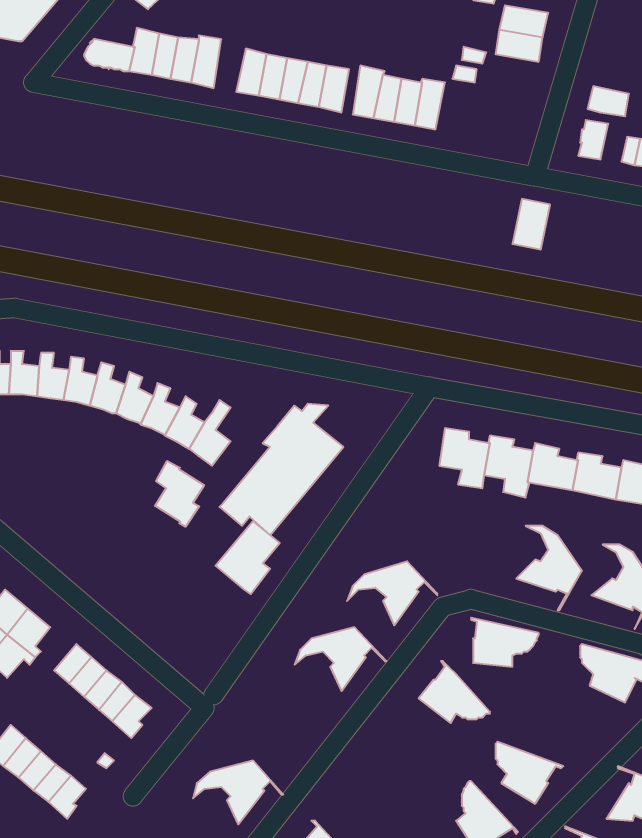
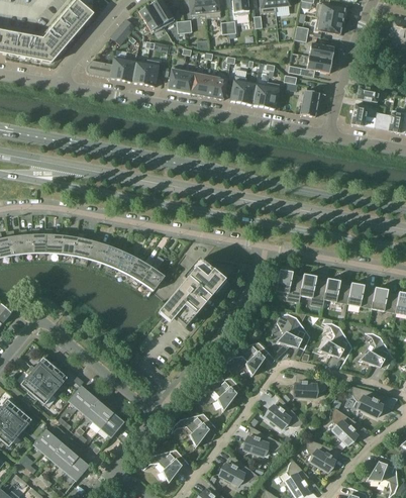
building: [512,199,550,250] -> [299,90,319,117]
building: [155,461,204,527] -> none
building: none -> [276,313,310,359]
building: [215,521,280,594] -> none
building: none -> [331,407,366,444]
building: none -> [171,413,219,447]
building: none -> [242,425,282,456]
building: none -> [218,453,258,485]

